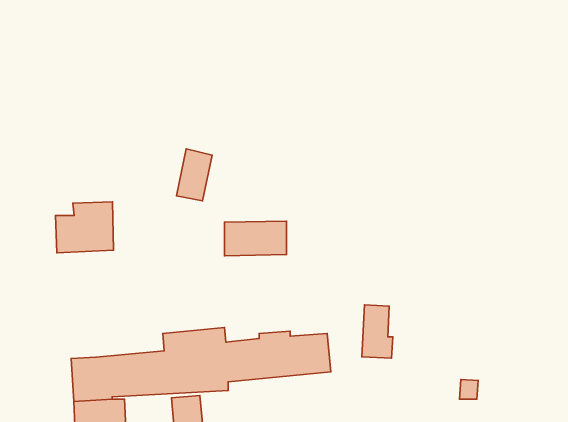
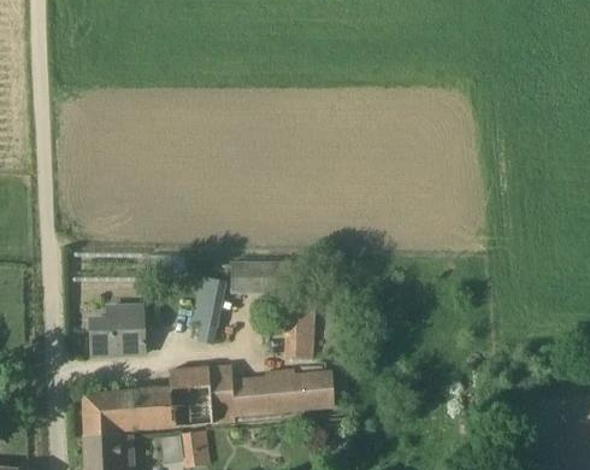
building: [176,149,212,201] -> [191,276,226,327]
building: [56,202,114,253] -> [89,306,146,356]
building: [362,305,393,358] -> [284,306,314,358]

